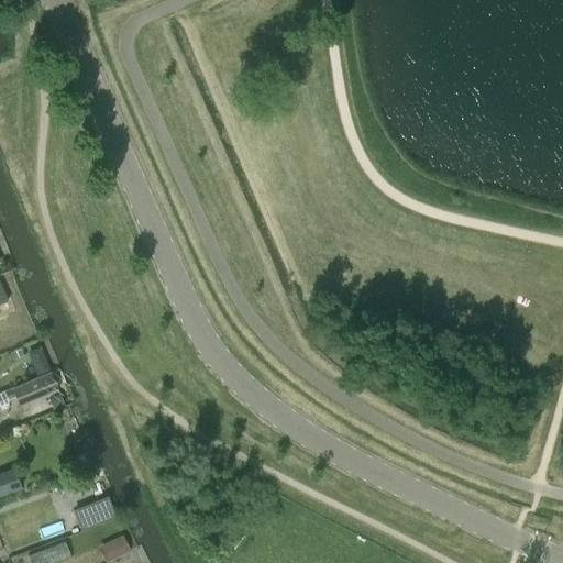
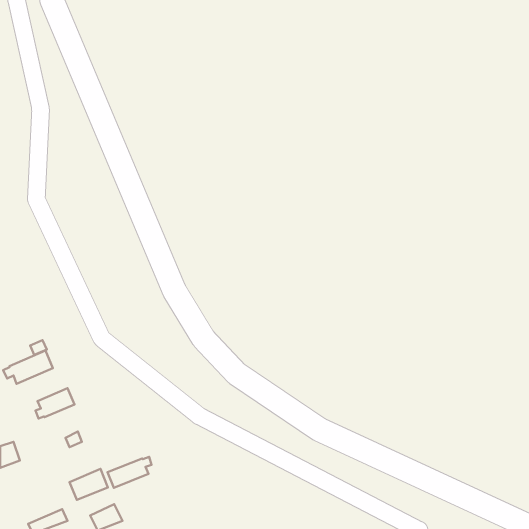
building: none -> [36,388,75,419]
building: none -> [107,457,152,488]

